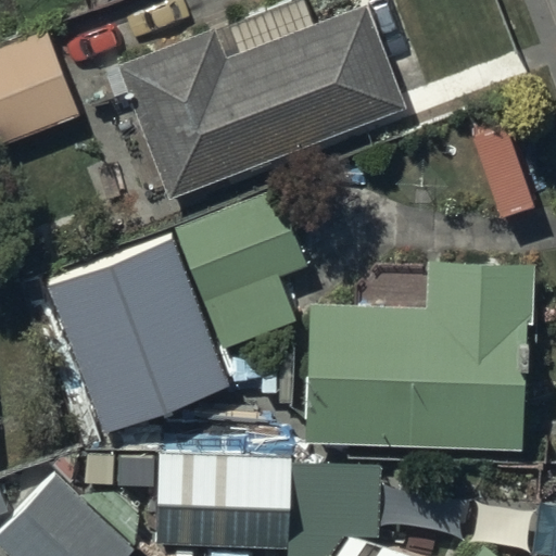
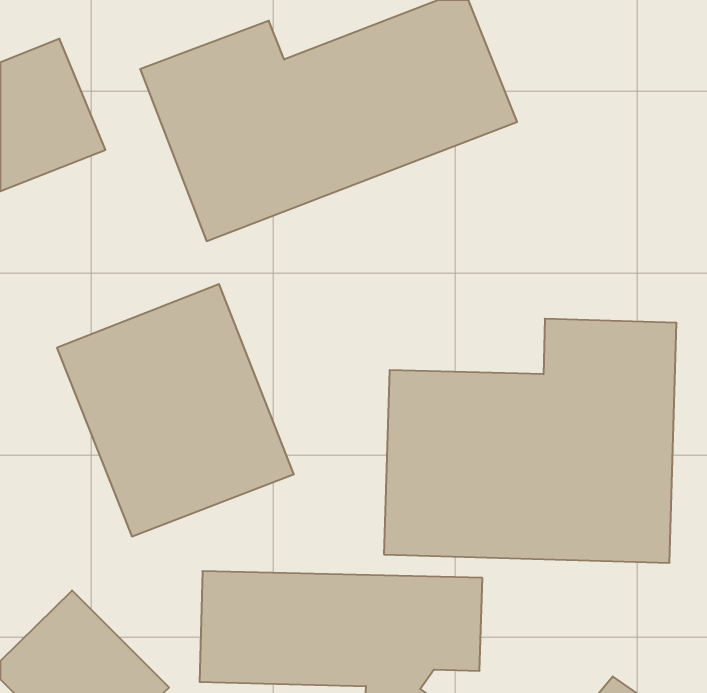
building: [174,188,307,349] -> none

